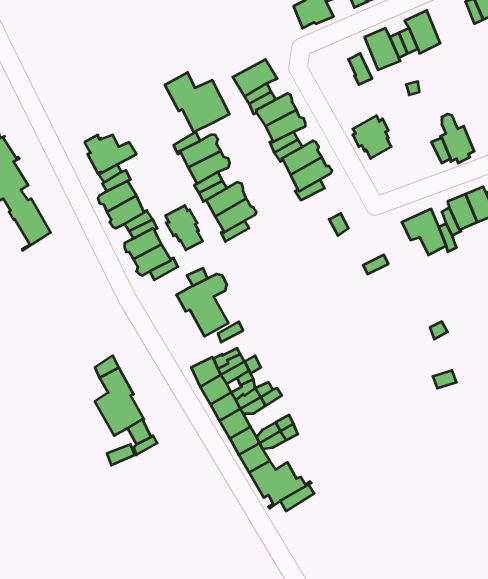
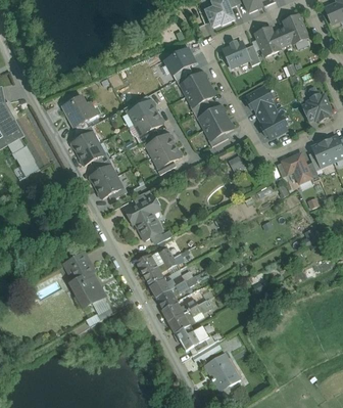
building: none -> [223,41,249,67]
building: [165,72,229,133] -> none
building: none -> [259,108,286,138]
building: [166,205,203,250] -> none
building: none -> [204,354,240,392]

